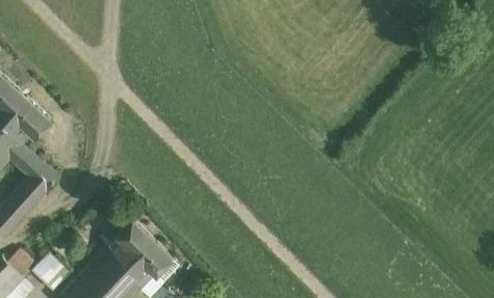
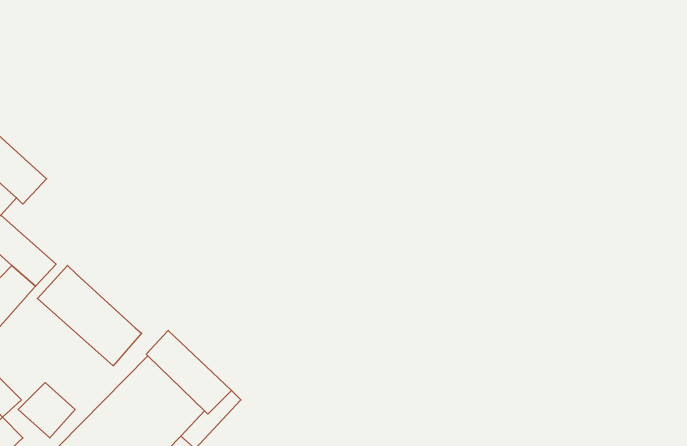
building: none -> [37,265,142,366]

